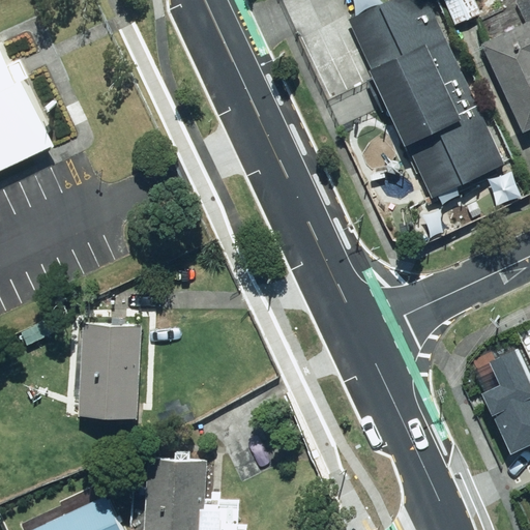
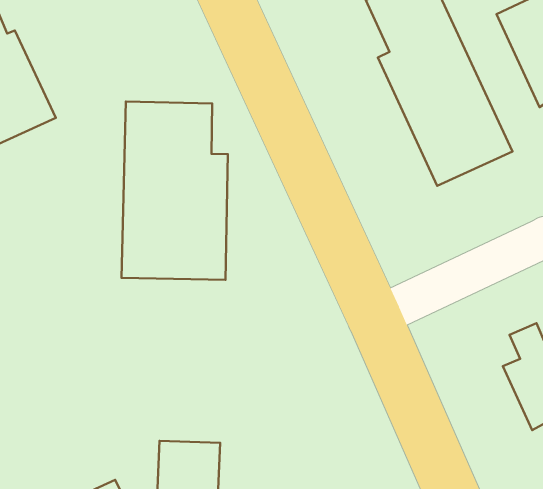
building: none -> [122,101,228,280]
building: [85,320,148,411] -> none

